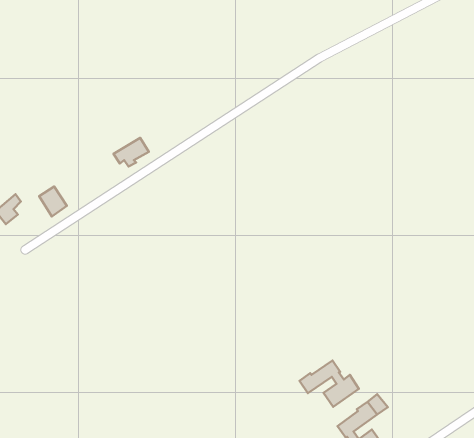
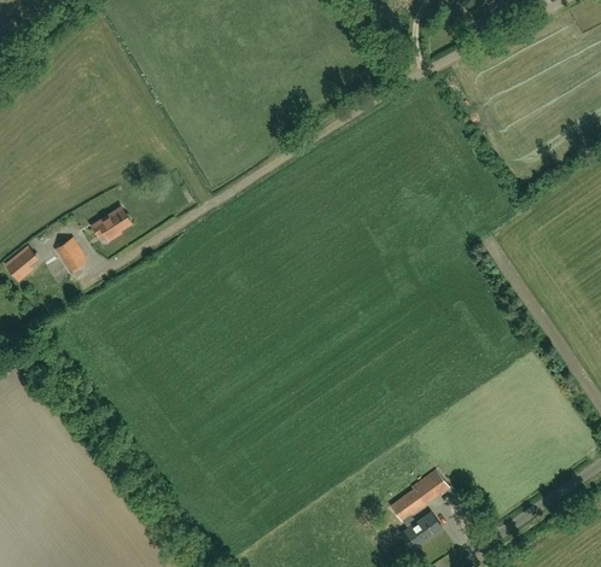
building: [114,138,149,167] -> [92,207,132,240]
building: [300,361,359,407] -> none

